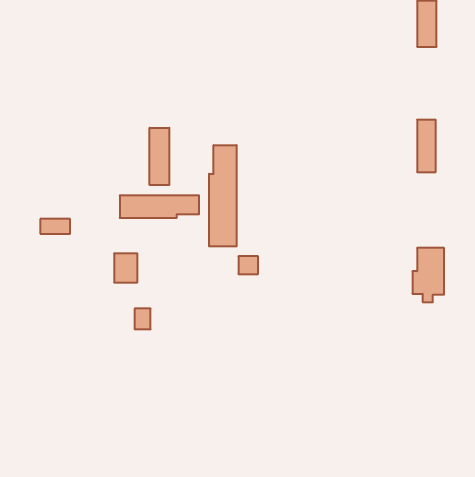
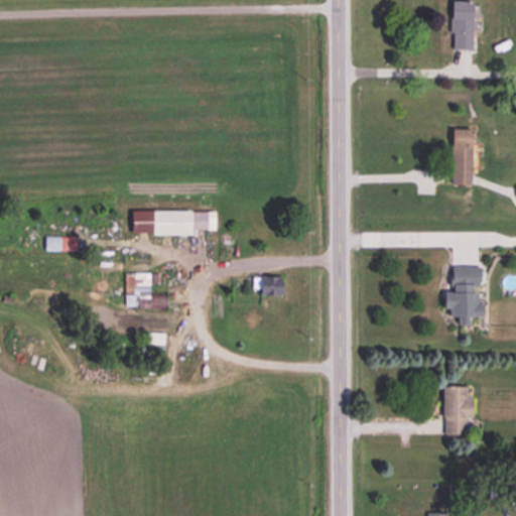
building: [150,128,169,185] -> none
building: [209,145,237,246] -> none
building: none -> [444,387,474,435]

